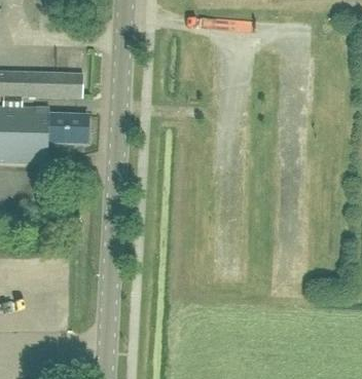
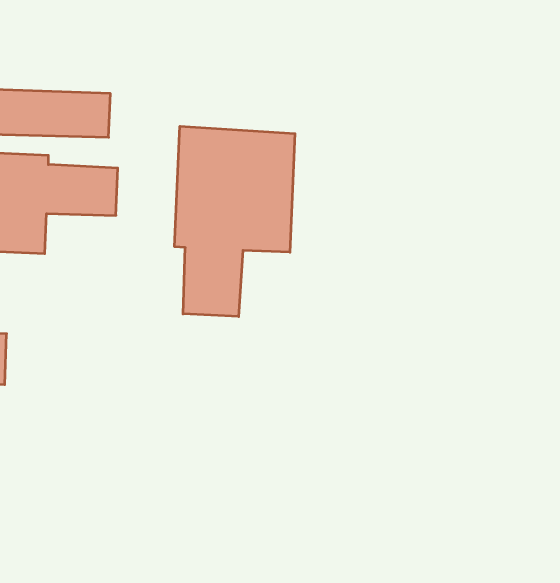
building: none -> [175,126,295,317]

